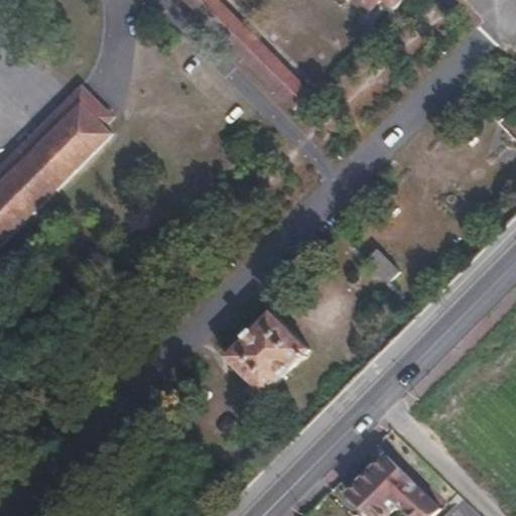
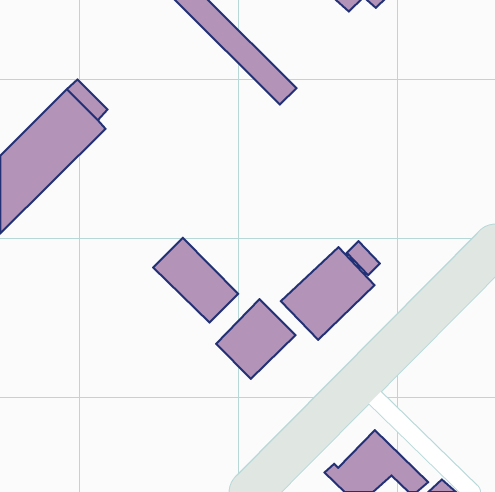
building: none -> [153,238,238,323]
building: none -> [281,247,374,340]

